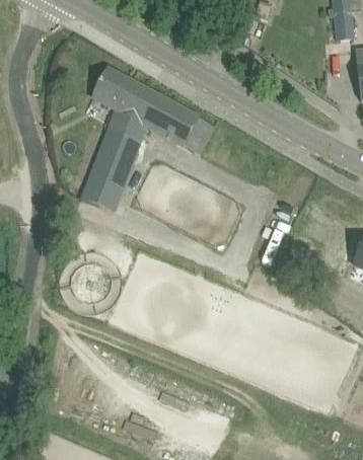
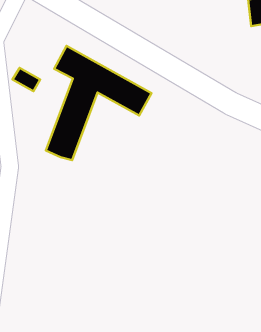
building: none -> [12,68,40,91]

